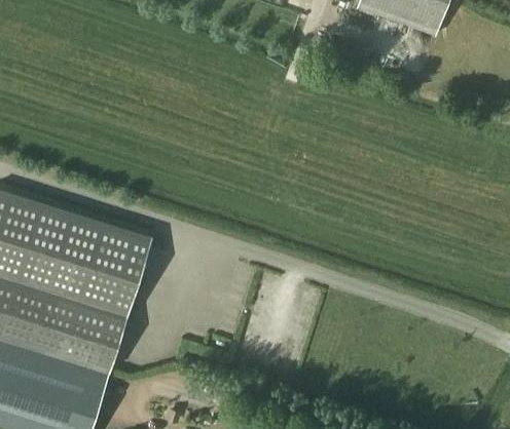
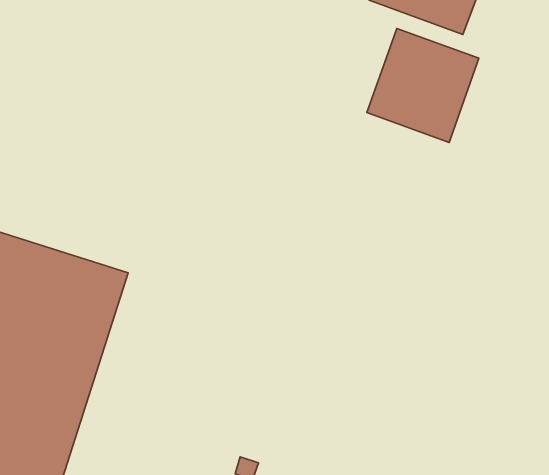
building: none -> [367,28,479,143]

